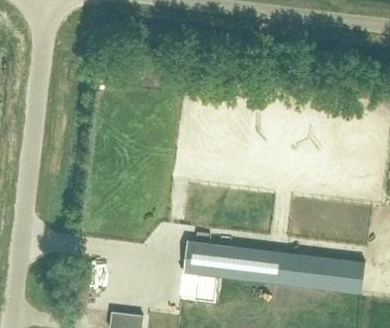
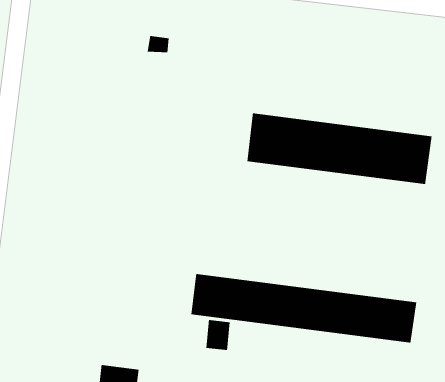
building: none -> [247,113,432,185]

